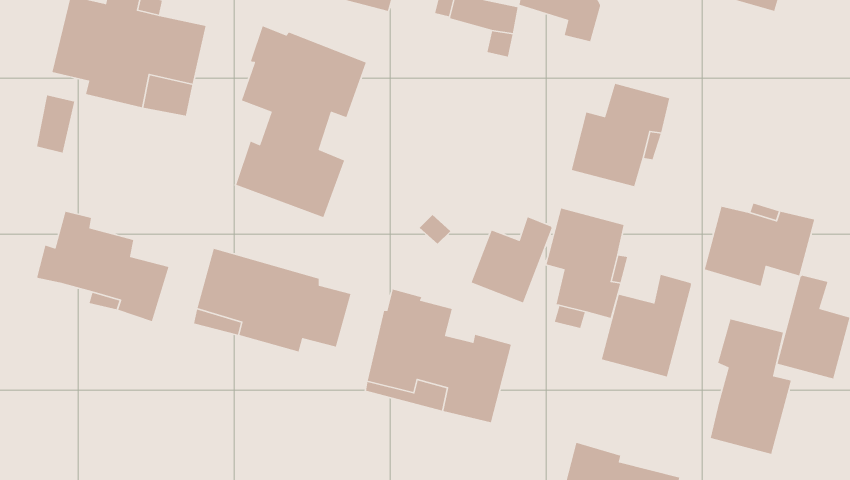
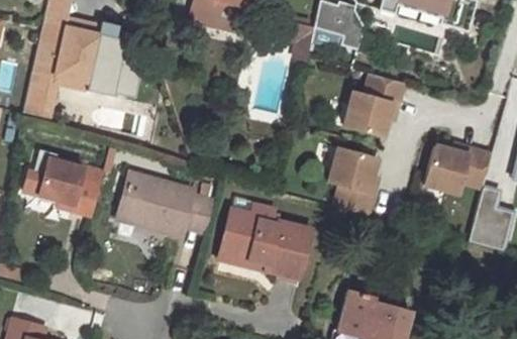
building: [235,25,367,218] -> none
building: [471,216,552,303] -> none
building: [601,274,692,378] -> none
building: [710,319,792,455] -> none

